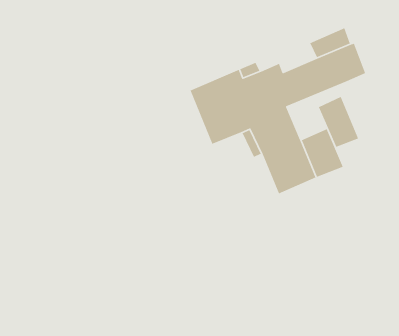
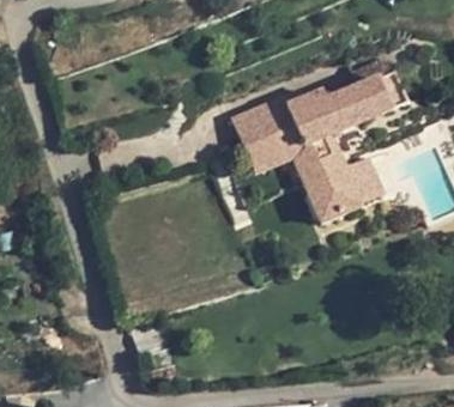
building: [318,96,359,148] -> none

